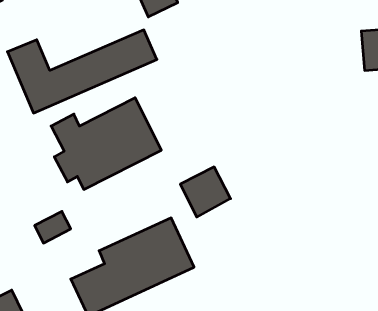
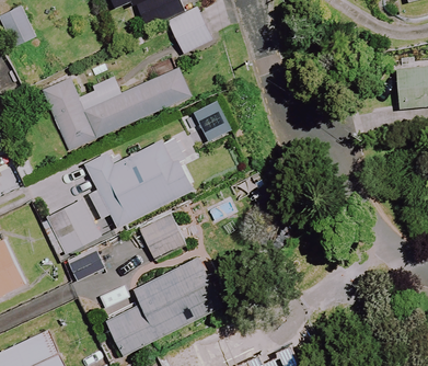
building: none -> [38,196,102,256]
building: [180,167,231,217] -> [137,209,187,260]

